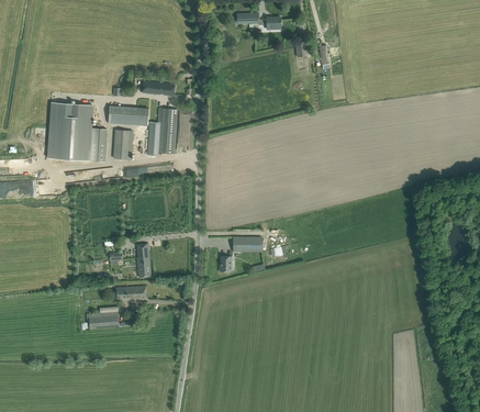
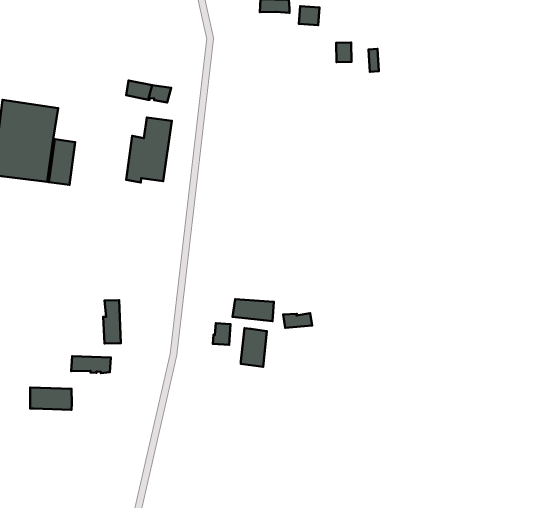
building: [108,105,147,125] -> none
building: [113,130,132,159] -> none
building: none -> [241,328,267,367]

